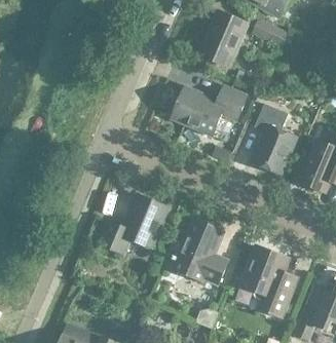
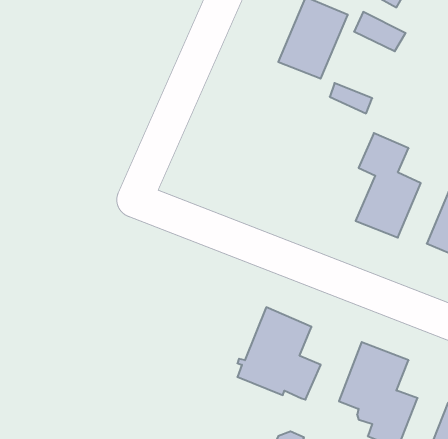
building: [171,85,246,136] -> none
building: [98,193,167,254] -> none

